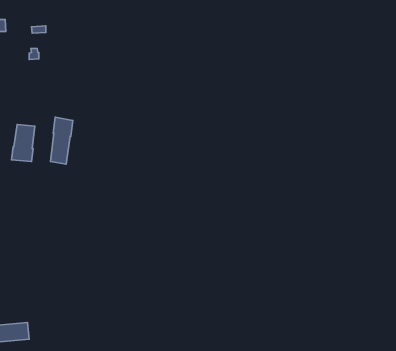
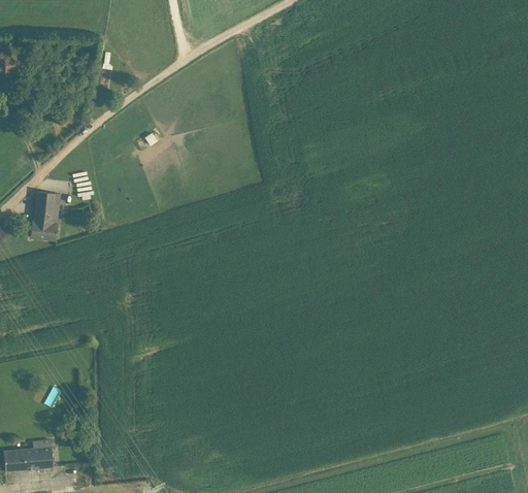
building: [51,117,73,164] -> none

